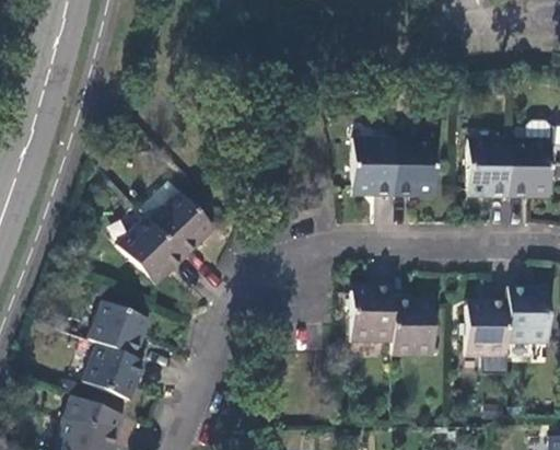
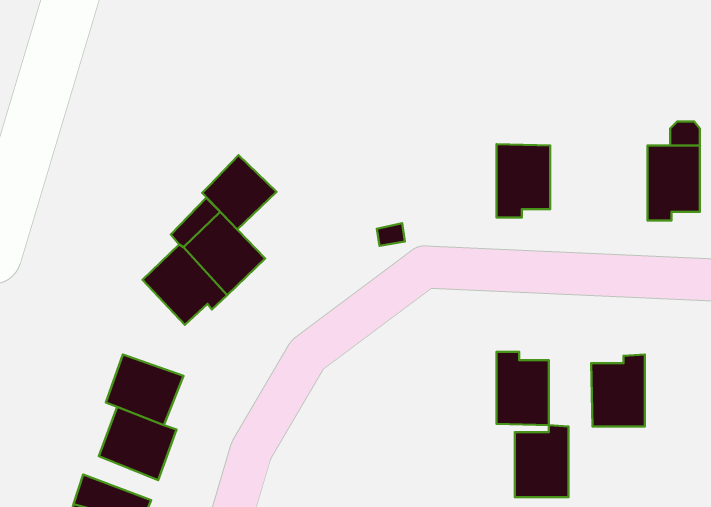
building: [353,139,393,196] -> none
building: [468,140,510,198] -> none
building: none -> [202,155,276,229]
building: [351,287,393,343] -> [515,425,569,497]
building: [508,289,549,345] -> none

